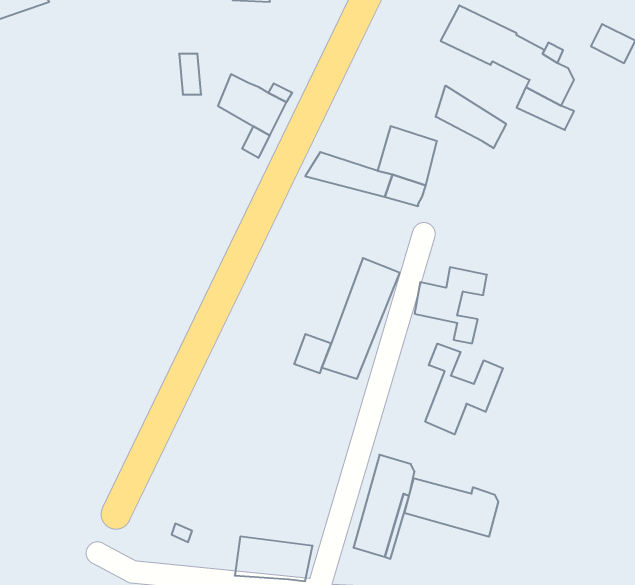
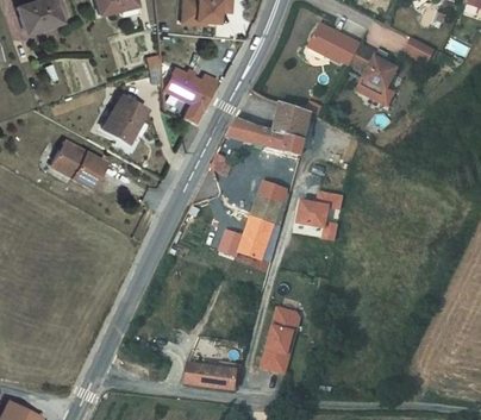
building: [436,86,506,148] -> none
building: none -> [102,90,148,143]
building: none -> [50,139,102,187]
building: [425,344,503,434] -> none
building: [404,478,498,537] -> none

